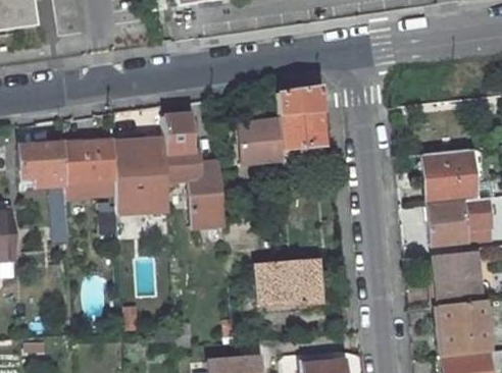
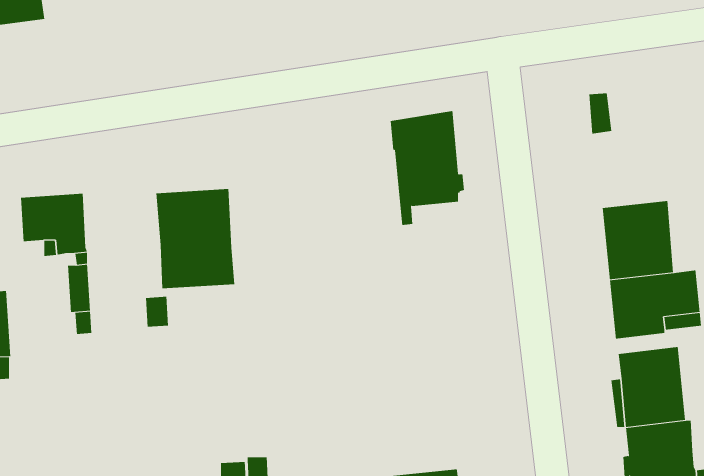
building: [162,116,225,228] -> none
building: [237,119,282,163] -> none
building: [63,141,116,181] -> none
building: [254,258,322,306] -> none

